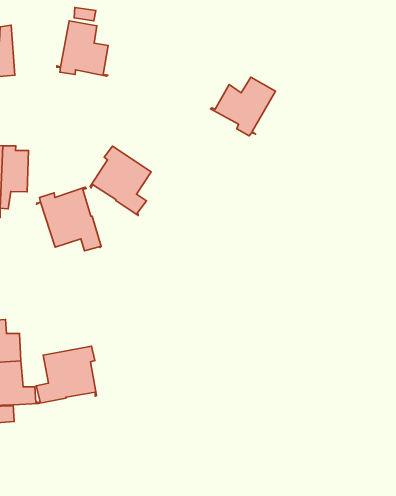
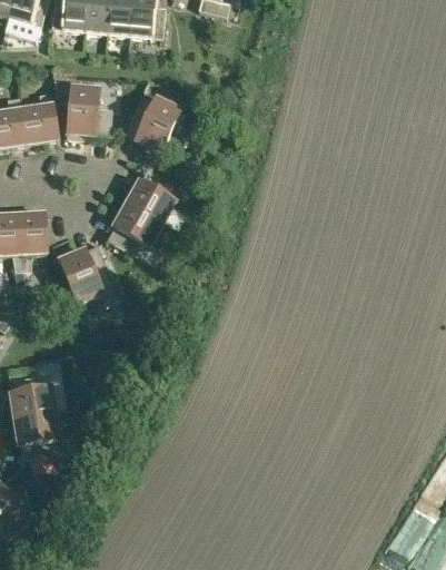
building: none -> [17,91,57,142]
building: [210,77,276,136] -> [119,98,179,154]
building: none -> [122,165,174,223]
building: [36,346,97,404] -> none

